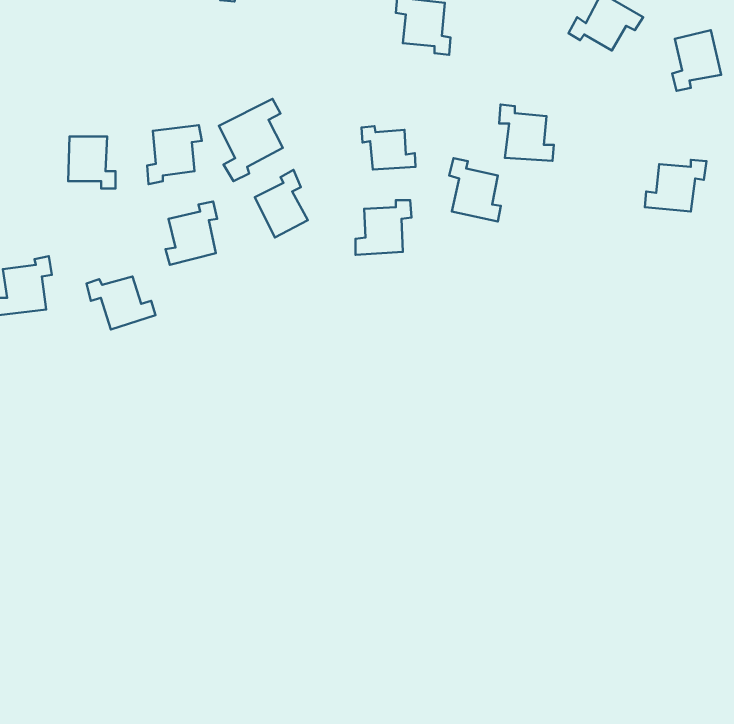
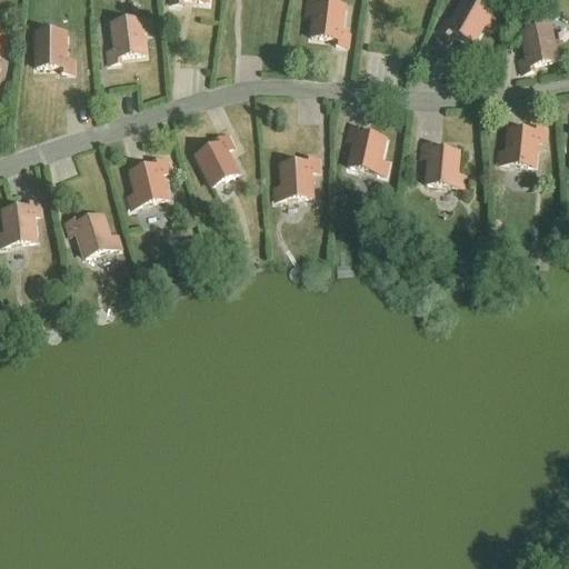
building: [219,99,283,181] -> none
building: [499,105,554,161] -> [421,140,463,183]
building: [147,125,202,184] -> [108,16,150,61]
building: [362,126,415,169] -> none
building: [68,137,116,188] -> [36,29,72,69]

